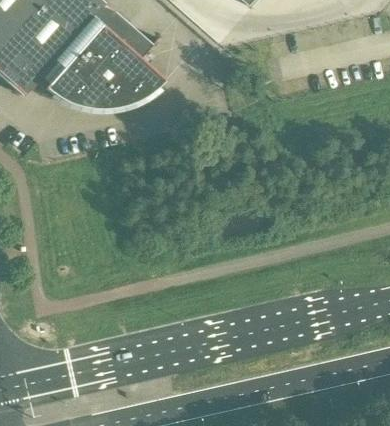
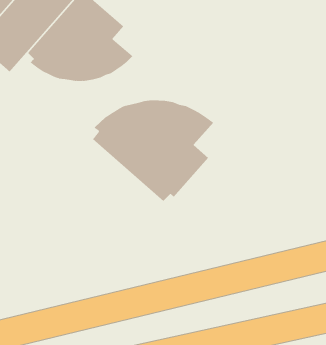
building: none -> [92,100,214,202]

